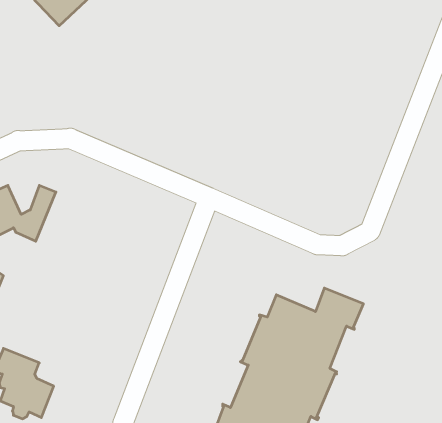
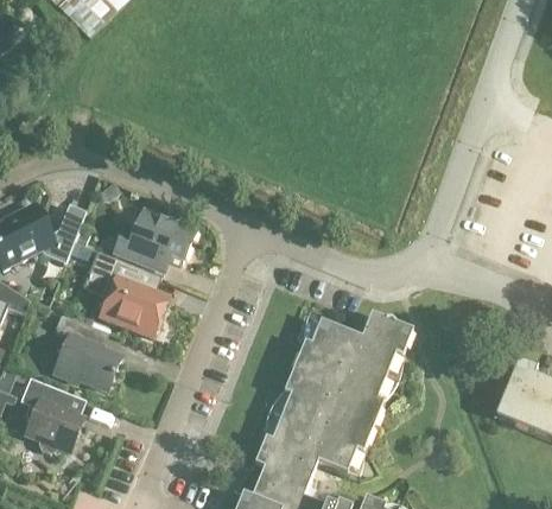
building: none -> [113,208,196,272]
building: none -> [83,252,169,335]
building: none -> [53,313,121,390]

